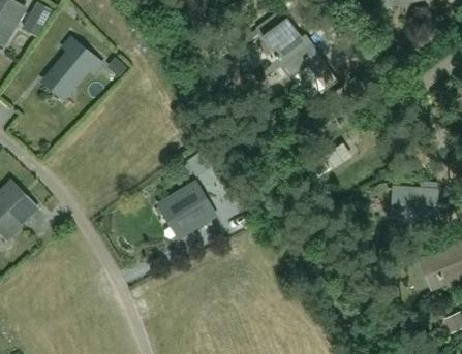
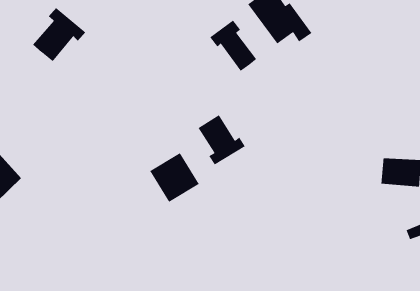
building: none -> [209,19,257,72]
building: none -> [198,114,246,166]

